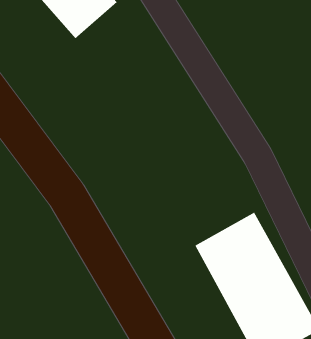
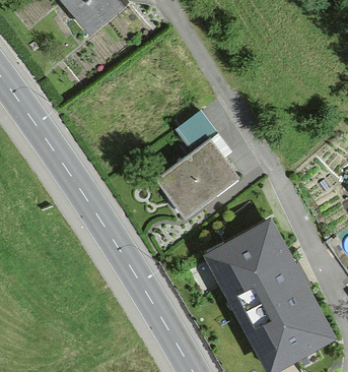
building: none -> [159,111,247,220]

